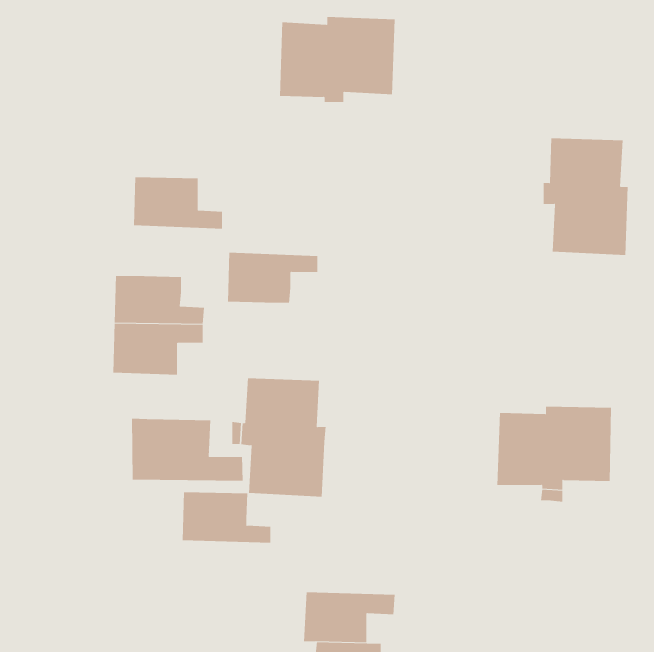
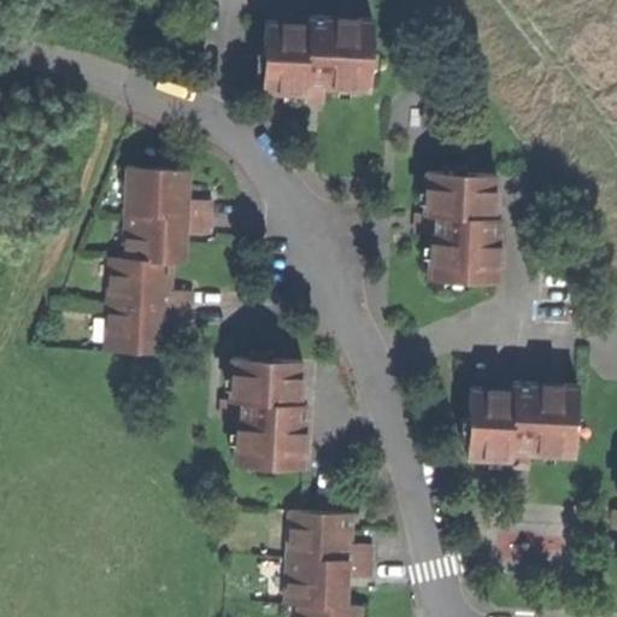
building: [543,138,629,256] -> [421,172,501,283]
building: [227,252,318,303] -> [124,215,210,263]
building: [132,418,243,482] -> none
building: [182,492,271,543] -> [288,513,372,562]

